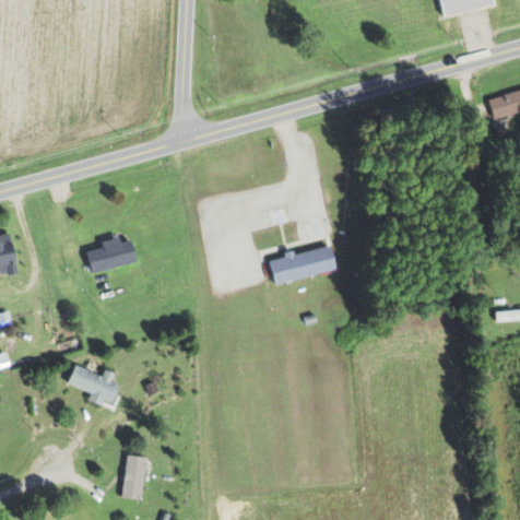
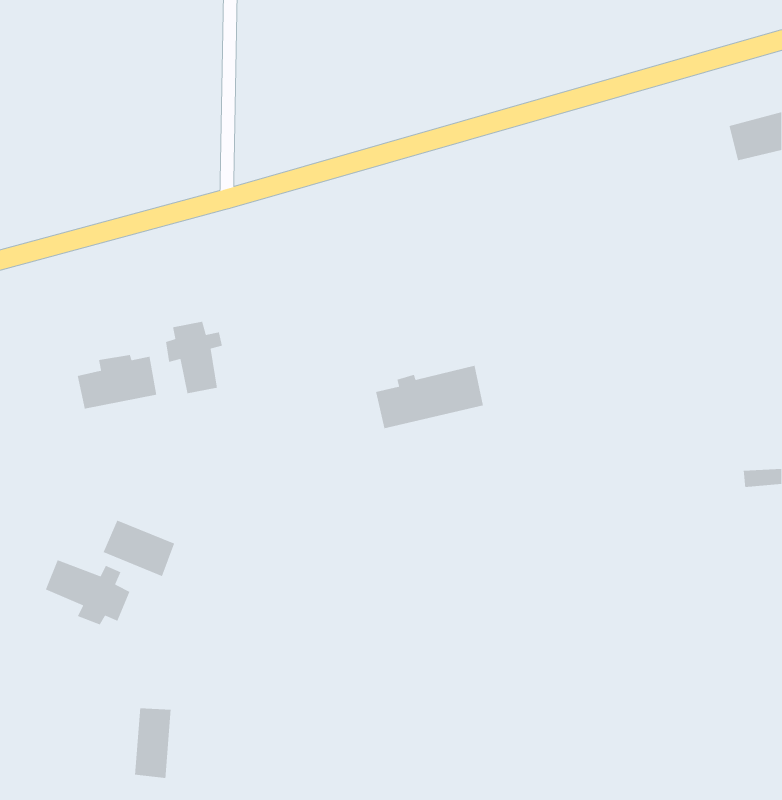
building: none -> [165,321,223,394]
building: none -> [103,519,175,577]

